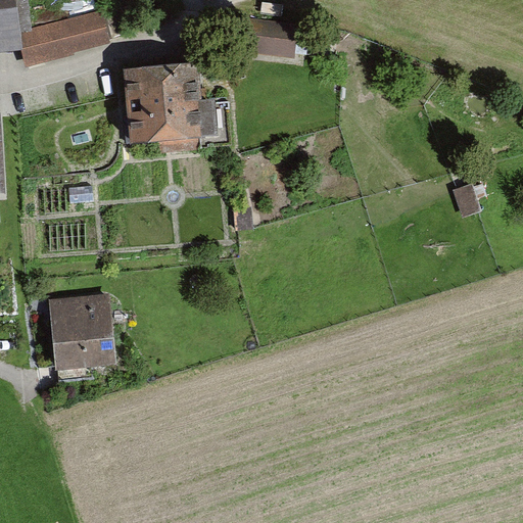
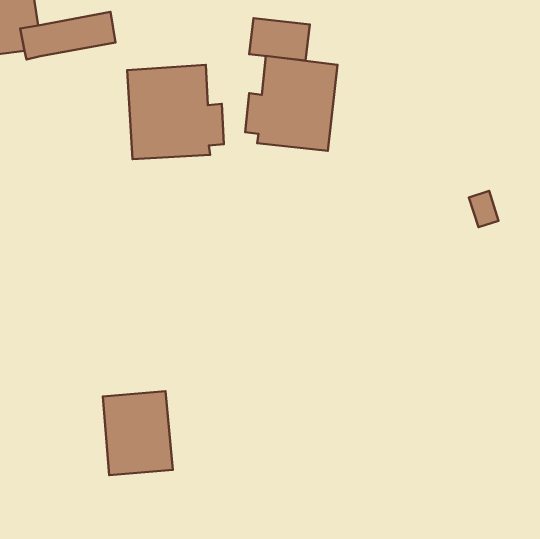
building: none -> [245,56,338,151]
building: [48,295,115,376] -> [103,391,173,475]

